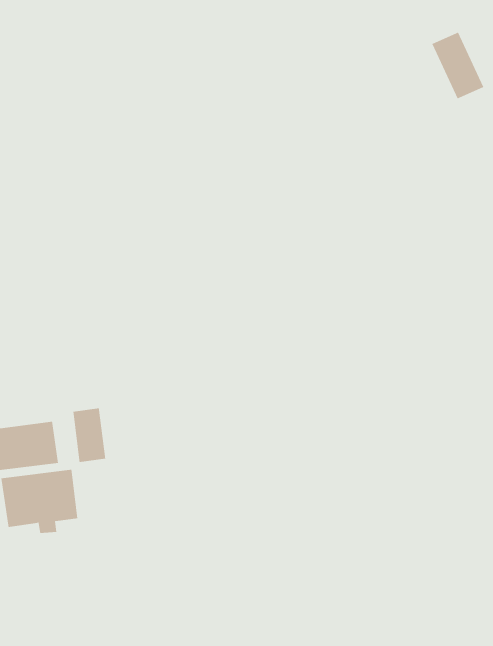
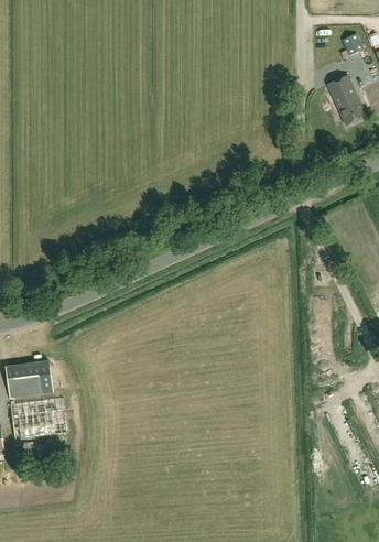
building: [73,408,106,463] -> none

